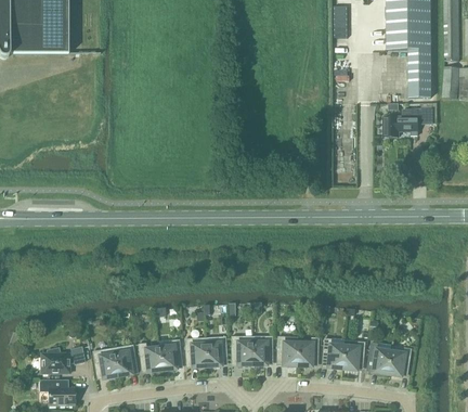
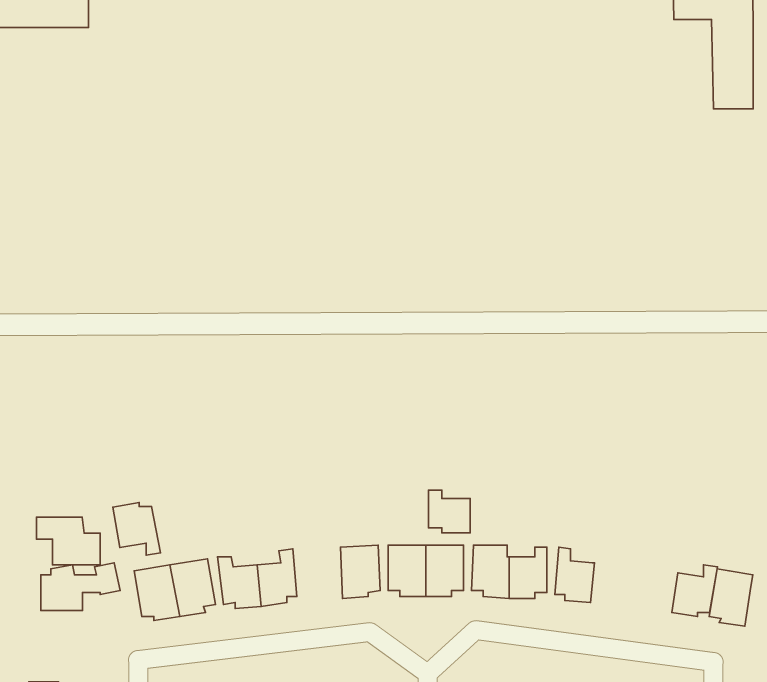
building: [385,108,433,137] -> none
building: none -> [429,490,470,533]
building: none -> [113,503,161,555]
building: [185,337,207,366] -> none
building: [342,339,365,370] -> none
building: [367,342,391,373] -> [709,569,753,626]
building: [40,378,75,404] -> [37,517,100,565]

